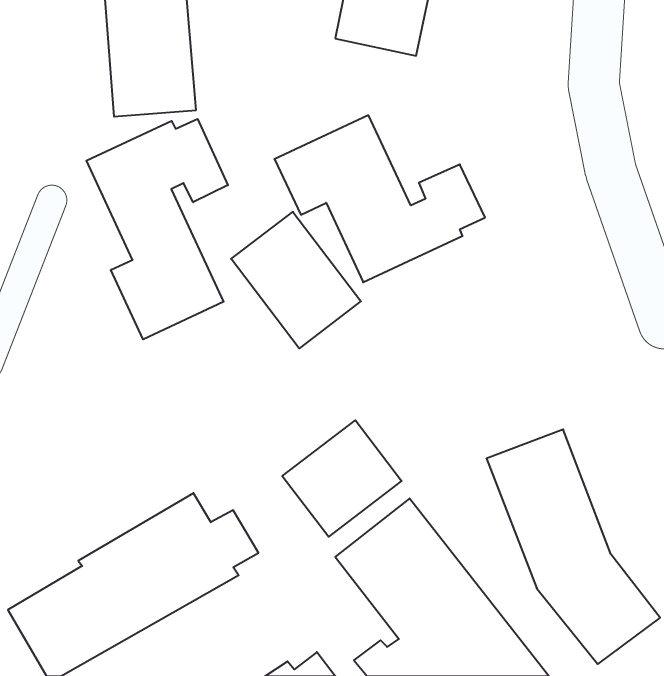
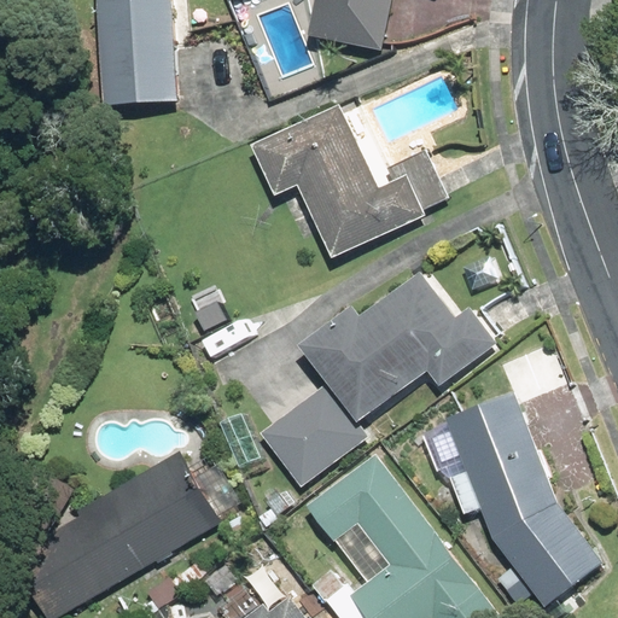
building: [86,119,228,339] -> none
building: [231,212,361,348] -> none
building: none -> [302,272,494,421]

